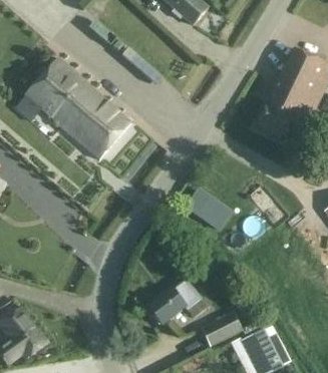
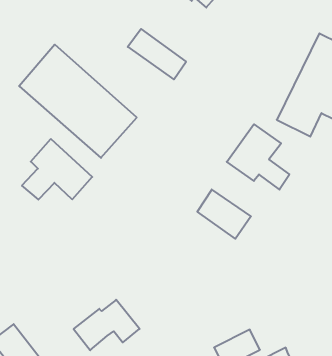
building: none -> [227,124,289,190]
building: none -> [22,139,92,200]
building: [147,279,207,324] -> [74,300,140,350]

